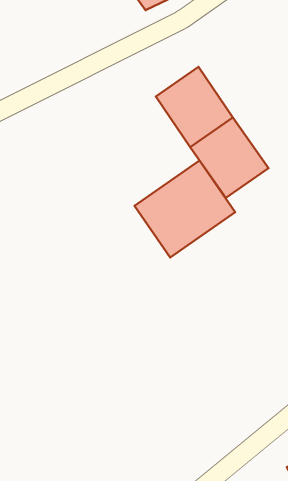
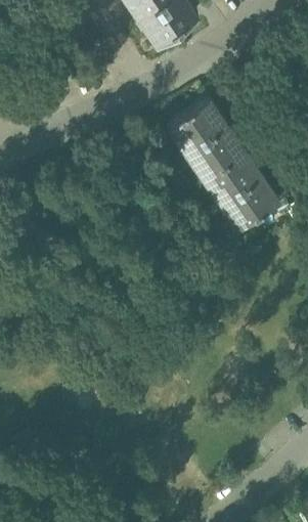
building: [134,160,235,258] -> none

